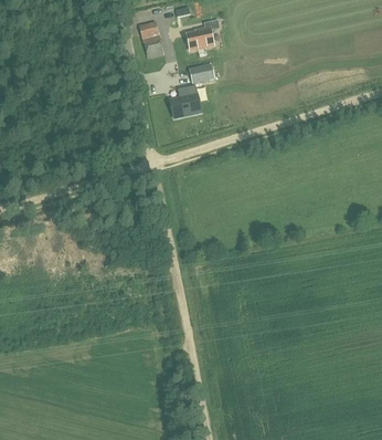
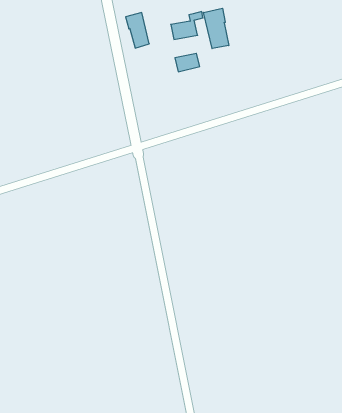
building: none -> [203,8,229,49]
building: [170,82,201,115] -> none

